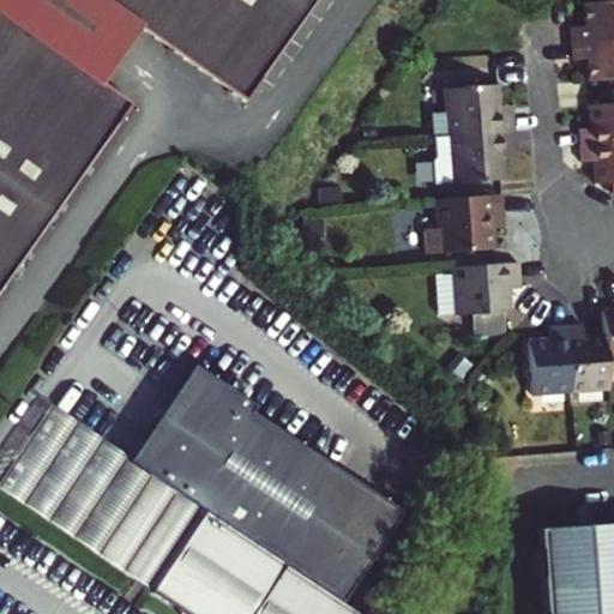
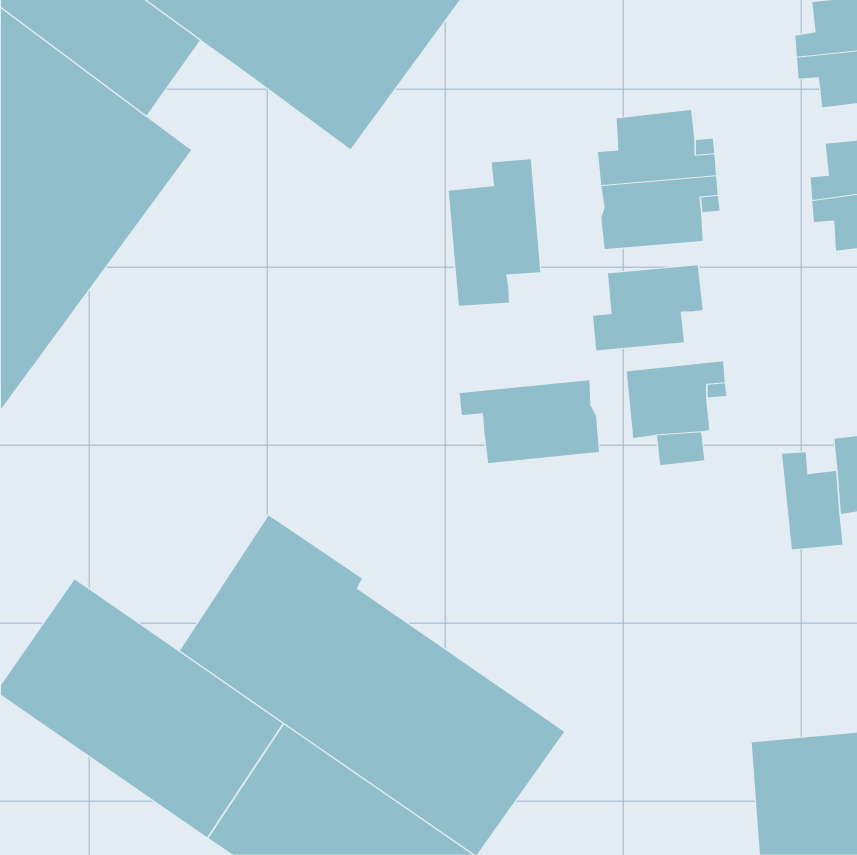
building: none -> [448,158,541,306]
building: none -> [459,380,600,464]
building: [523,323,566,395] -> none

